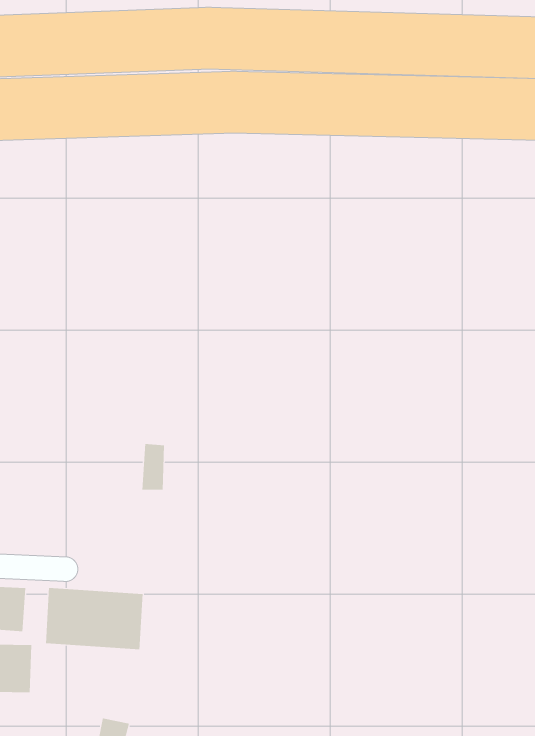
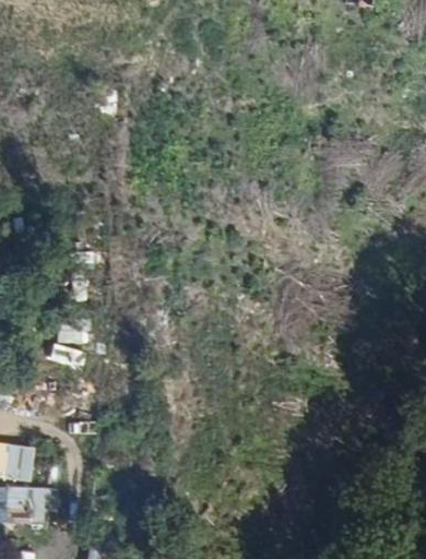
building: [45,587,143,650] -> none

